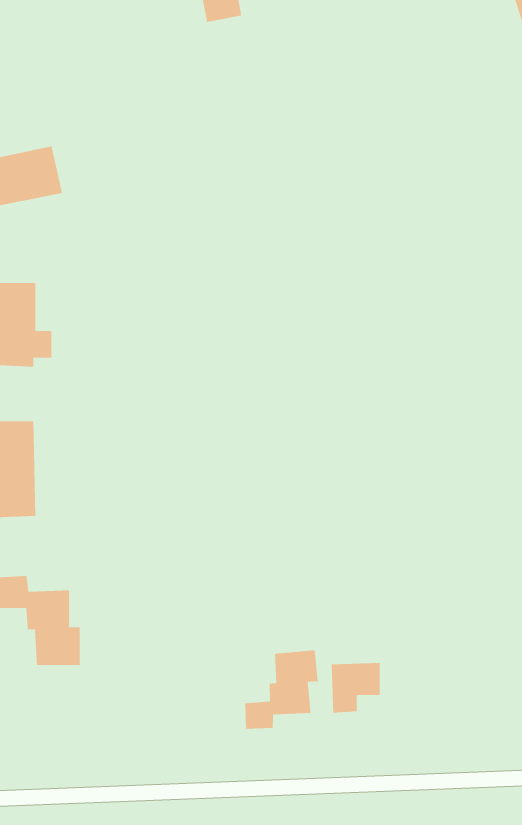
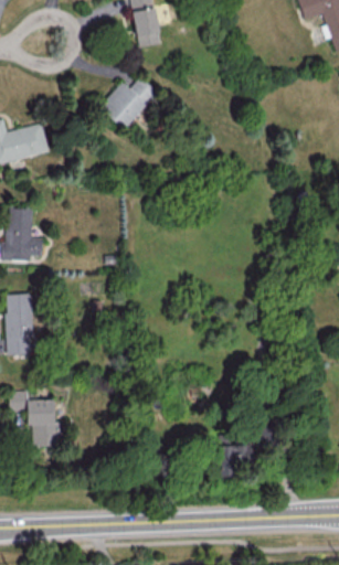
building: none -> [99,77,157,129]
building: [244,650,318,729] -> none

